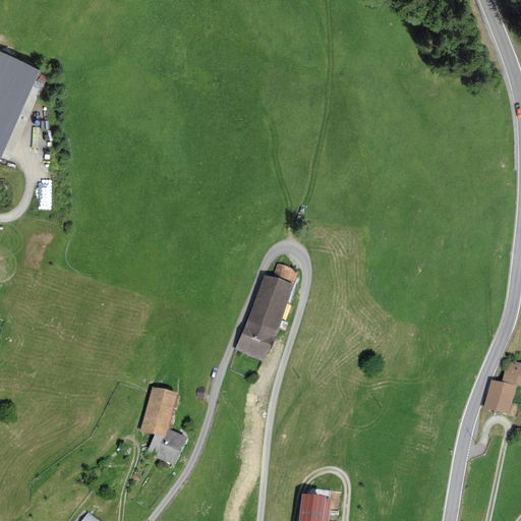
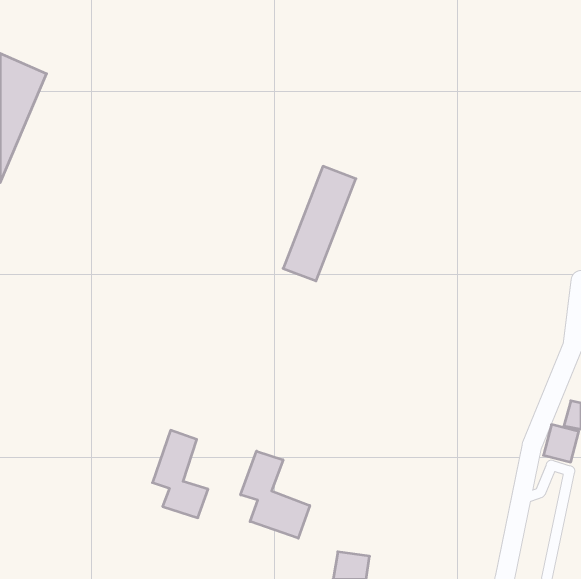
building: [234,260,299,363] -> [283,166,356,281]
building: none -> [241,451,310,538]

